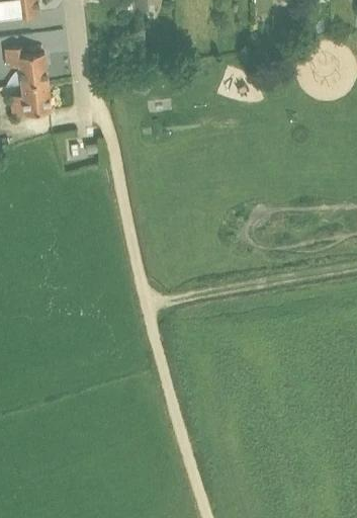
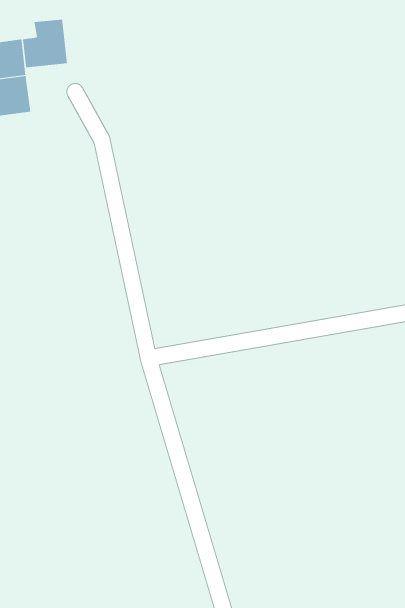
building: none -> [22,19,67,68]

